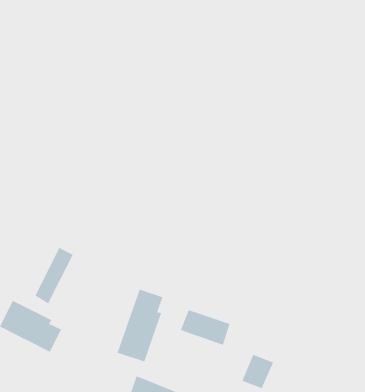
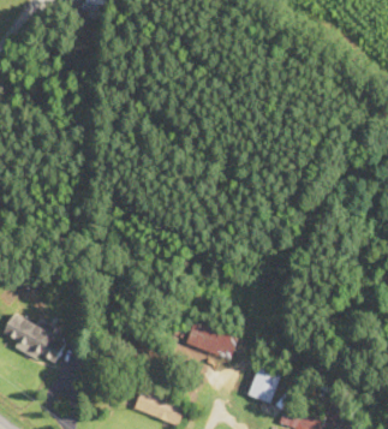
building: [34,247,74,304] -> none
building: [116,288,163,362] -> none

